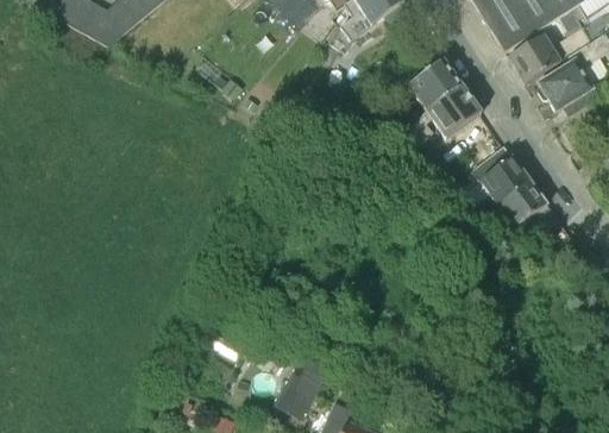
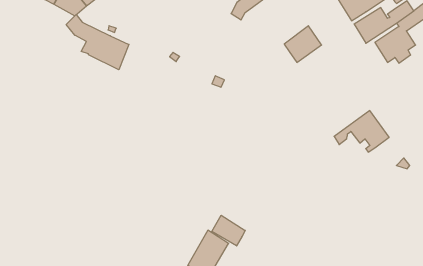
building: none -> [66,15,129,70]
building: [394,86,482,163] -> none
building: [473,144,532,216] -> none
building: none -> [212,215,245,246]

